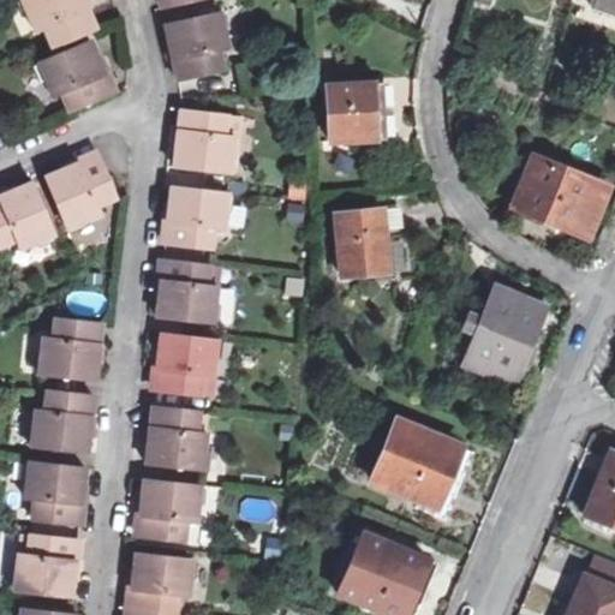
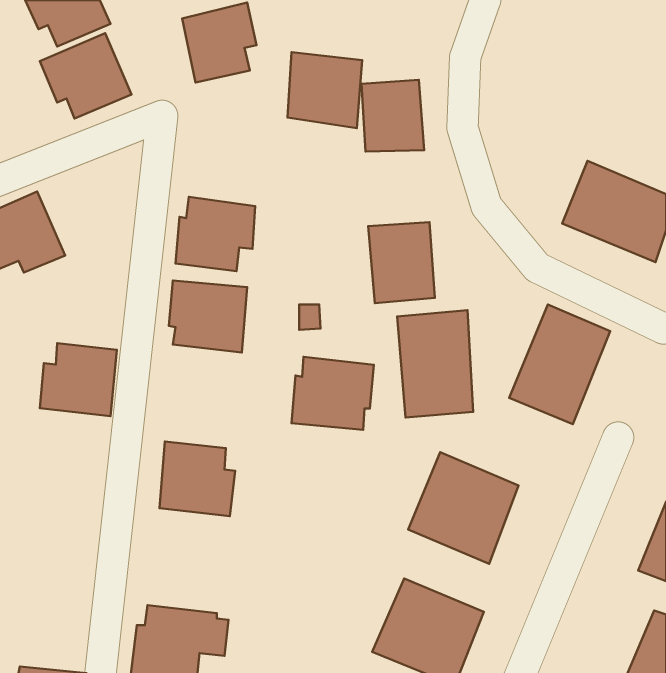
building: [173,107,240,175] -> [288,52,362,128]
building: [44,147,119,231] -> none
building: none -> [397,310,473,418]
building: [148,332,222,398] -> [291,357,374,430]
building: [29,389,96,453] -> none
building: [22,460,88,529] -> none
building: [130,478,203,544] -> none
building: [11,533,80,599] -> none

